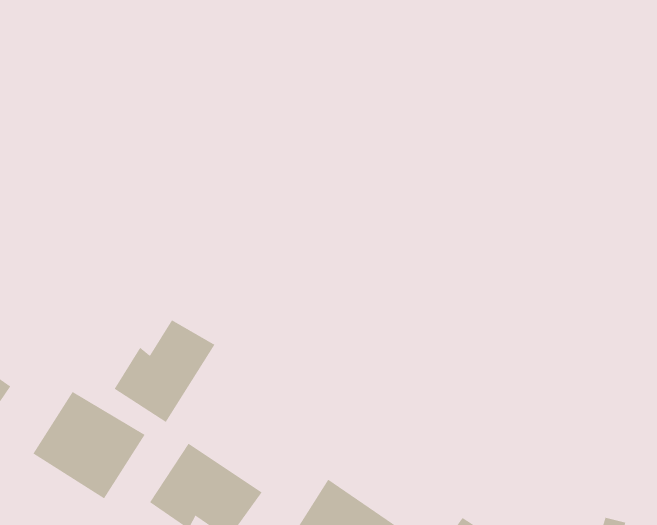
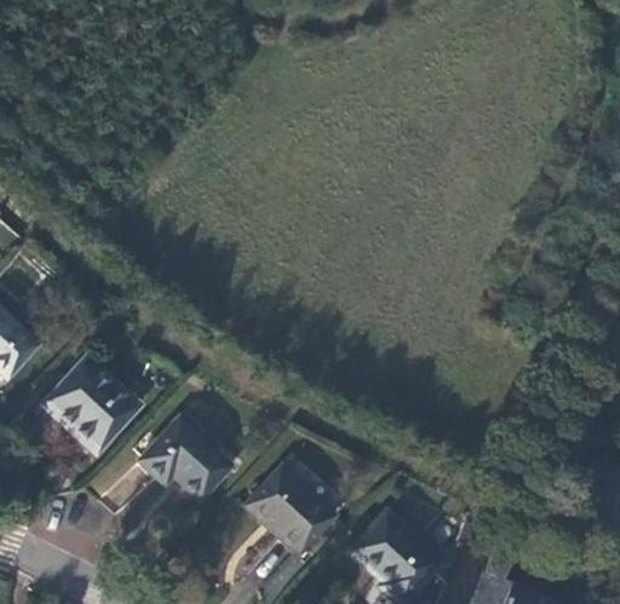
building: [114,319,215,423] -> none

